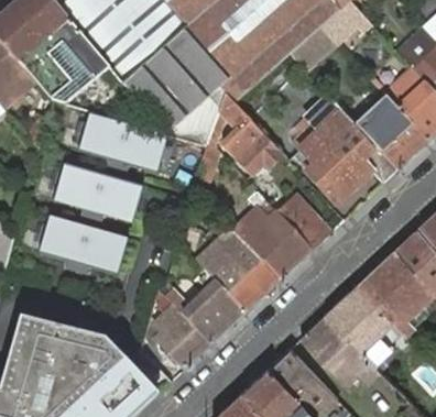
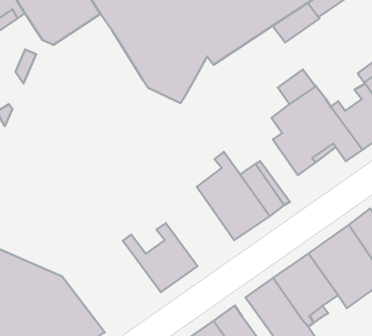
building: [218,95,279,175] -> none
building: [78,111,166,172] -> none
building: [54,162,143,220] -> none
building: [40,213,129,272] -> none
building: [194,228,279,311] -> none
building: [152,304,210,367] -> none

